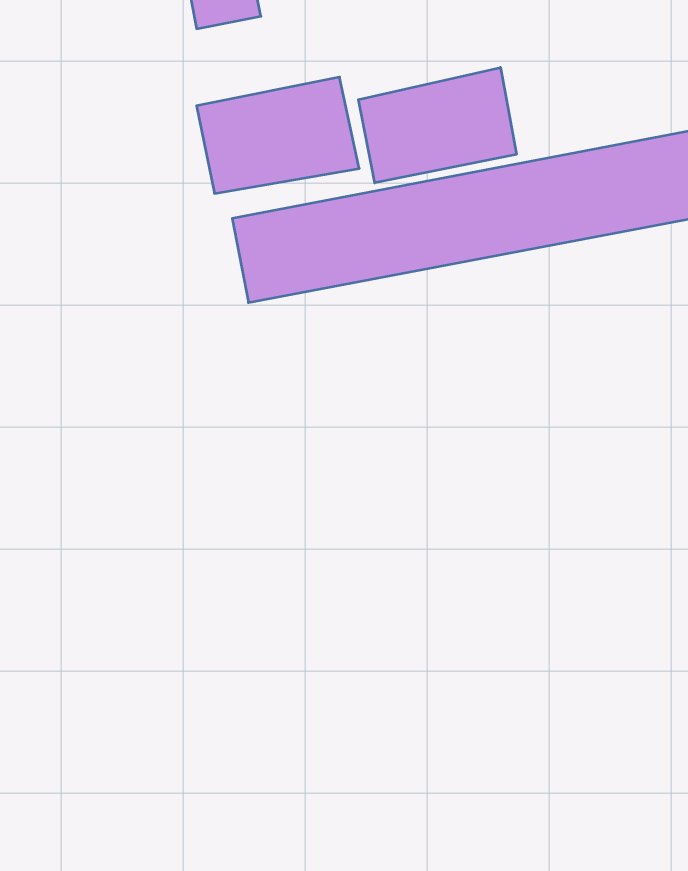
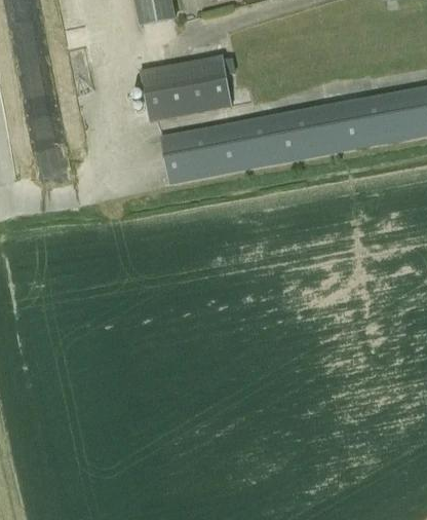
building: [358,67,516,183] -> none

